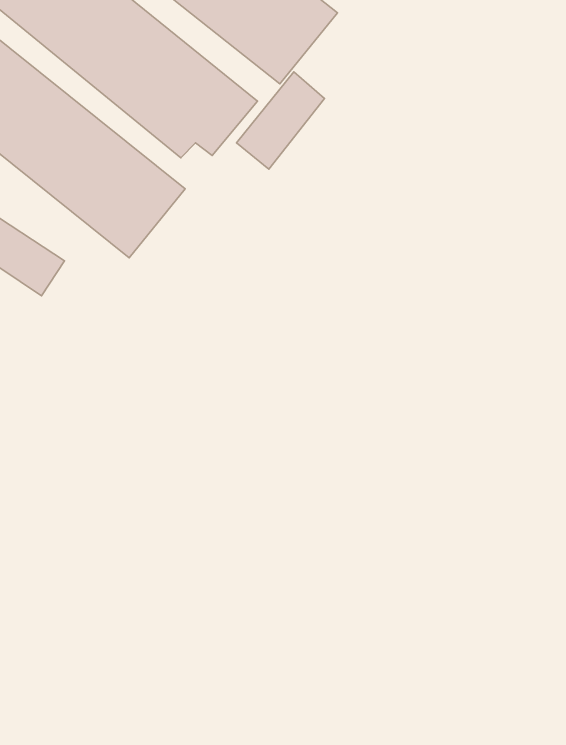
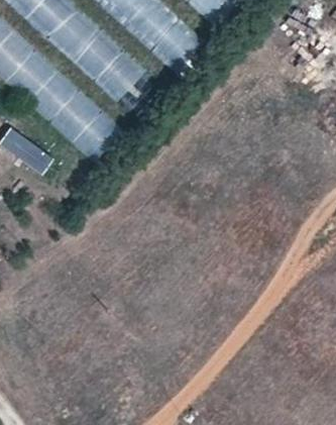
building: [236,72,325,169] -> none

